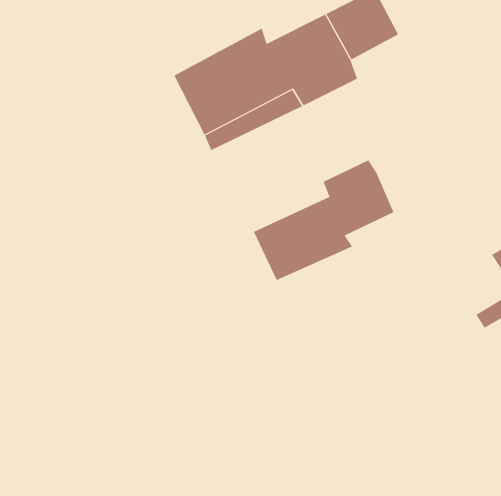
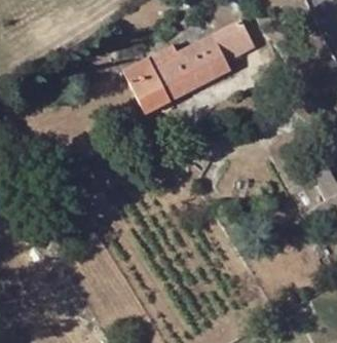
building: [253,159,394,281] -> none

